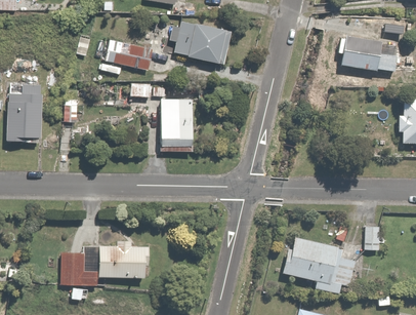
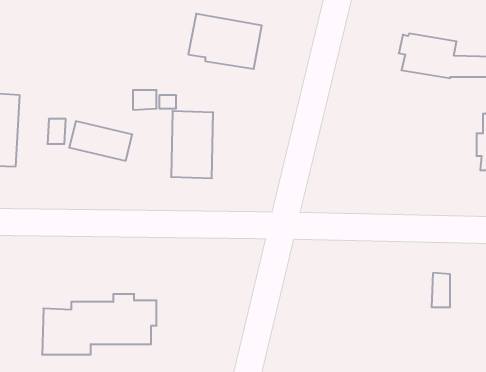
building: [105,39,154,70] -> [69,121,132,161]
building: [282,236,356,293] -> none

